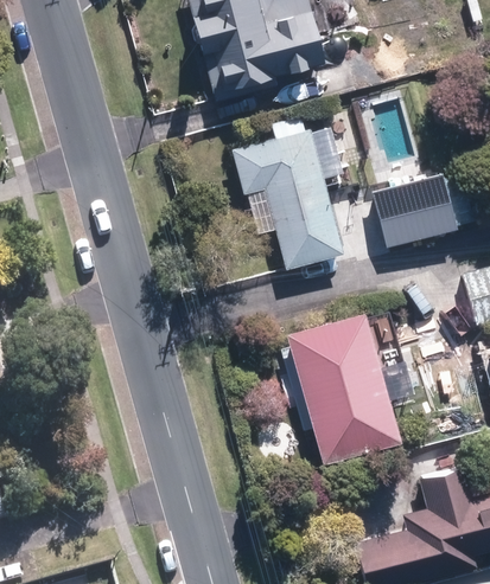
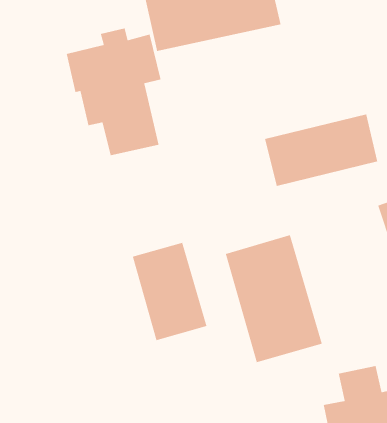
building: [231,118,344,270] -> [66,27,161,156]
building: none -> [132,242,207,341]

